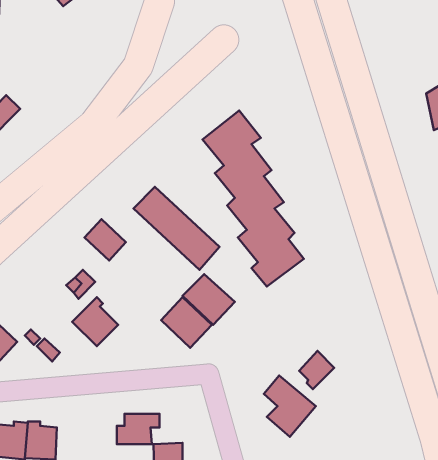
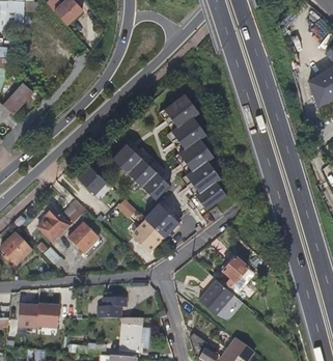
building: none -> [37,207,70,241]

